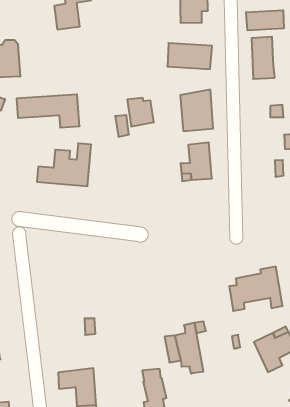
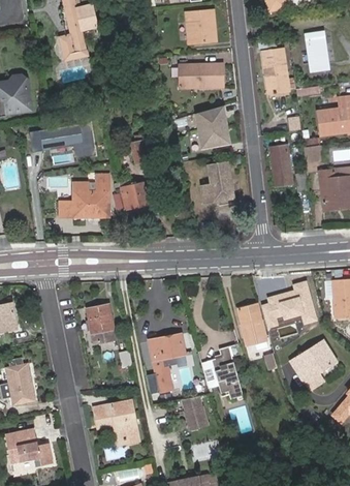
building: [246,10,284,30] -> none
building: [127,98,154,126] -> [119,179,148,209]
building: none -> [271,145,292,185]
building: none -> [88,305,116,343]
building: none -> [238,304,265,343]
building: none -> [148,333,184,391]

